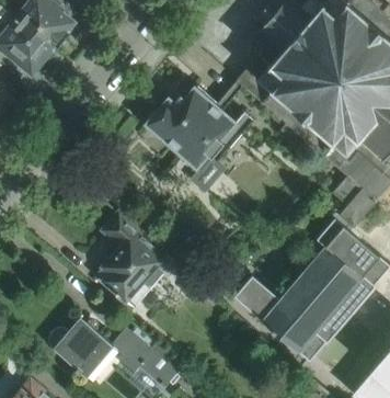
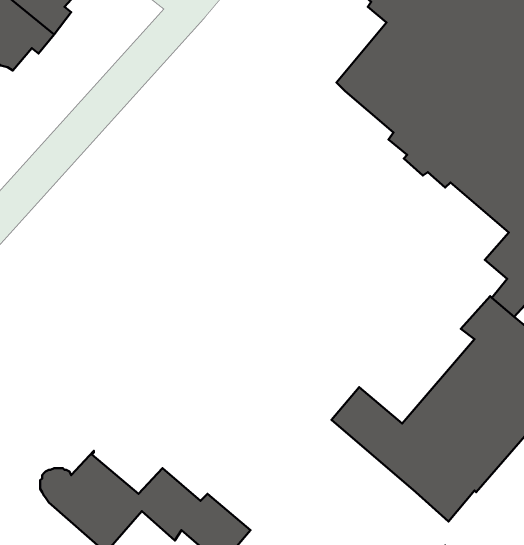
building: [142,81,253,171] -> none
building: [96,213,180,312] -> none

